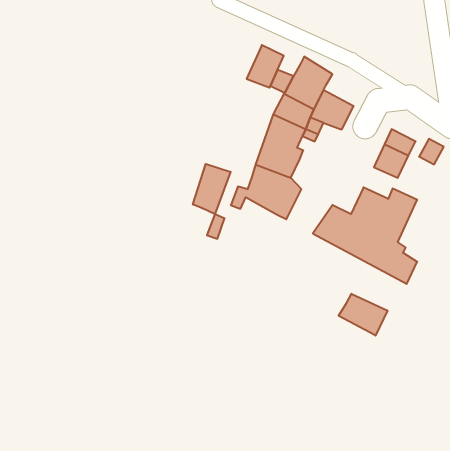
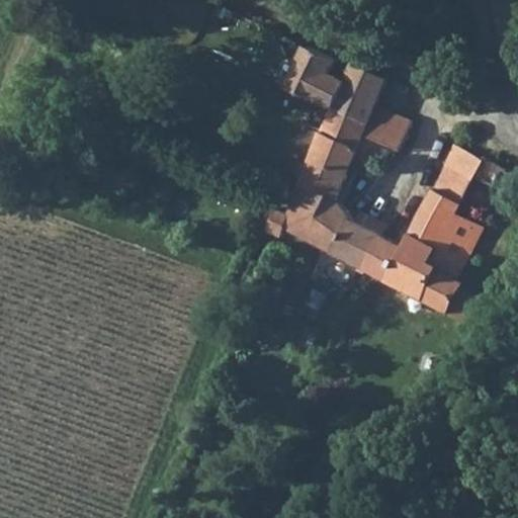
building: [193,164,231,214] -> none
building: none -> [418,192,457,229]
building: none -> [330,218,382,268]
building: [339,294,387,336] -> none

